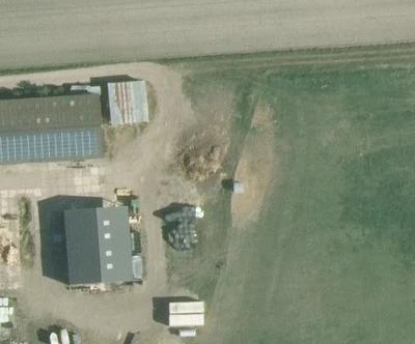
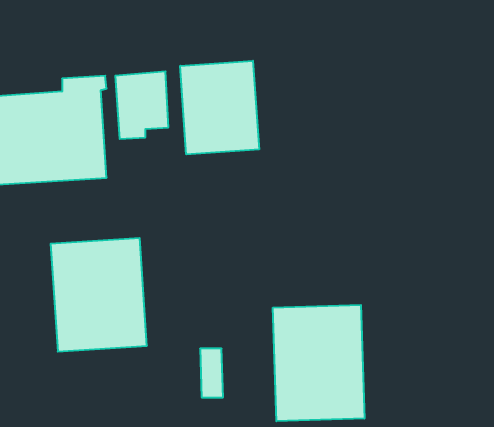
building: none -> [180,61,259,154]
building: none -> [273,305,364,421]

